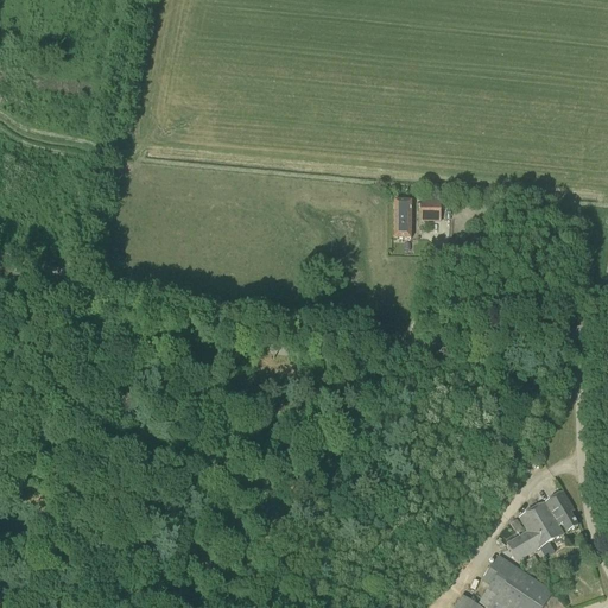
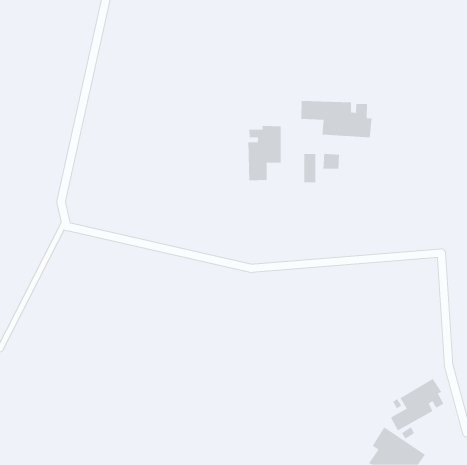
building: none -> [301,100,372,138]
building: none -> [248,125,281,181]

